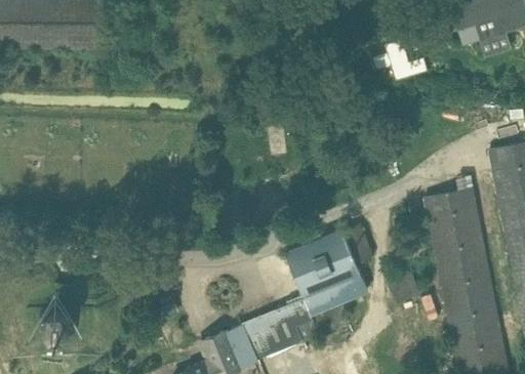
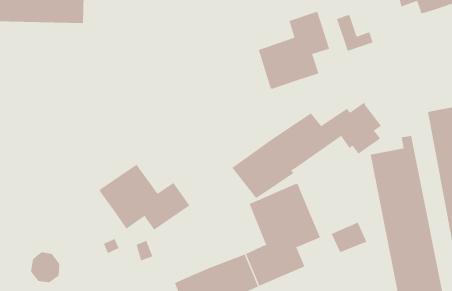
building: none -> [258,11,330,90]
building: none -> [232,102,382,199]
building: none -> [99,164,190,231]

